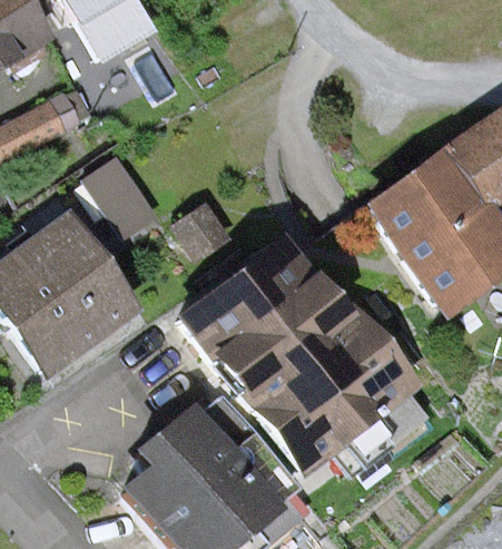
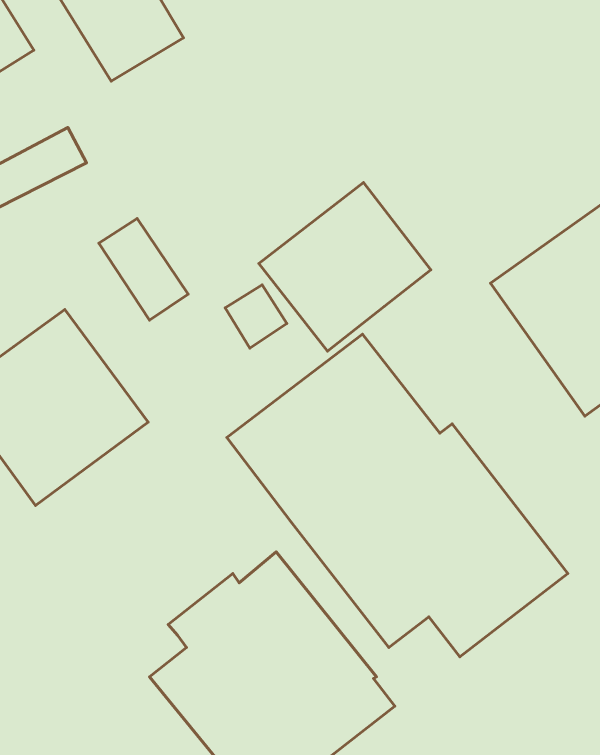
building: none -> [259,183,431,351]

